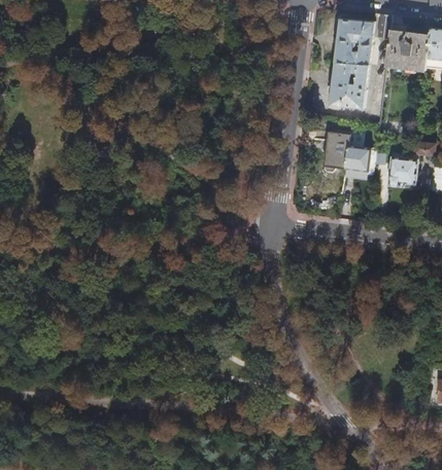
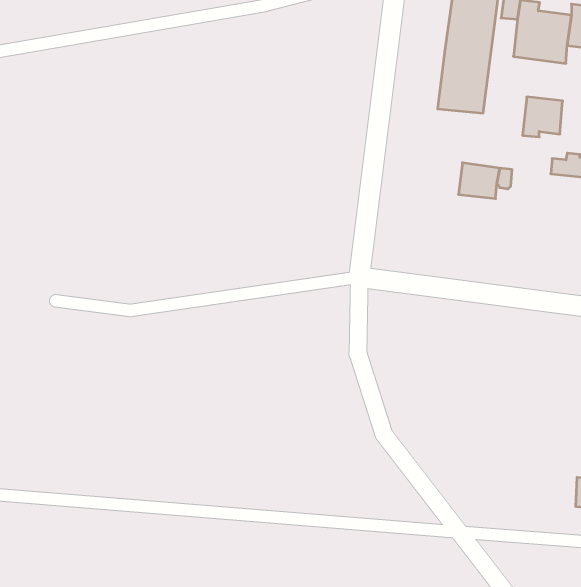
building: [324,132,350,172] -> none
building: [388,156,418,186] -> [523,97,563,137]

